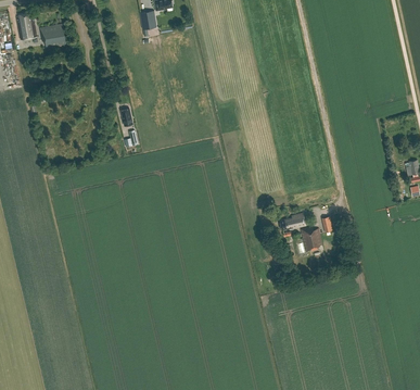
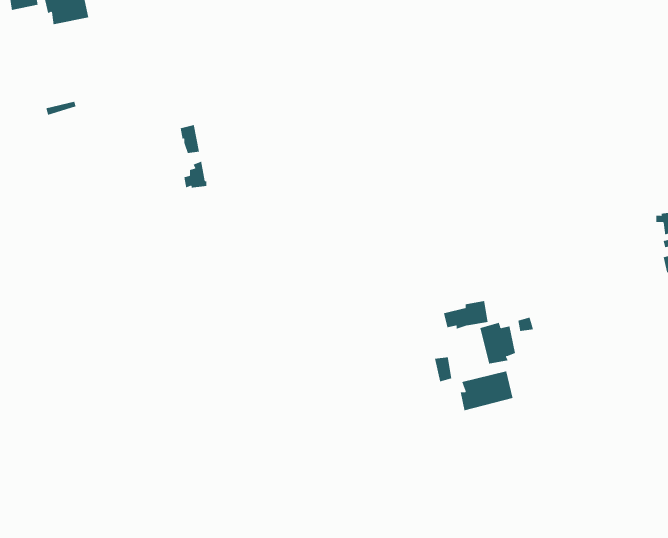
building: none -> [460,370,513,411]

